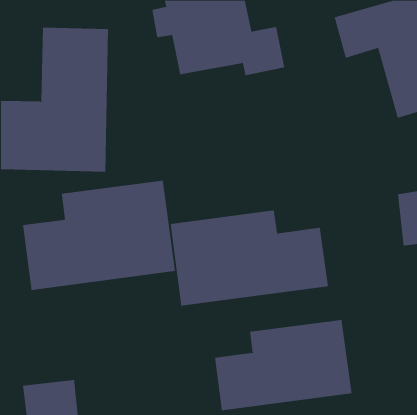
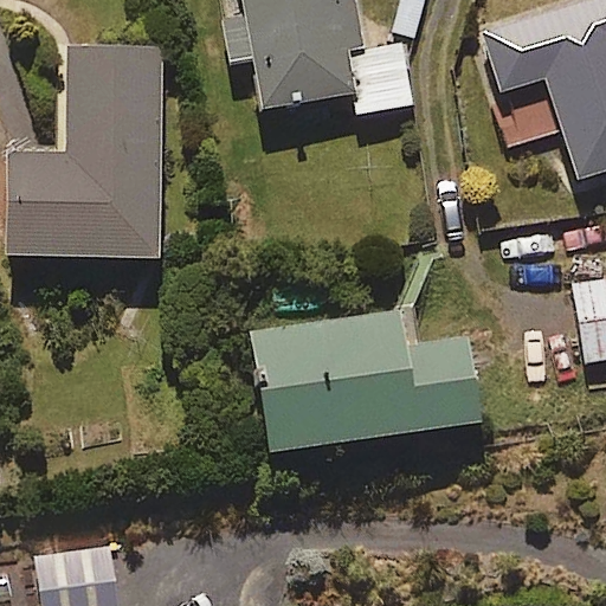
building: [23,180,176,291] -> none
building: [214,319,352,411] -> none

